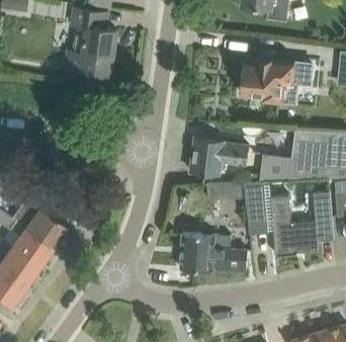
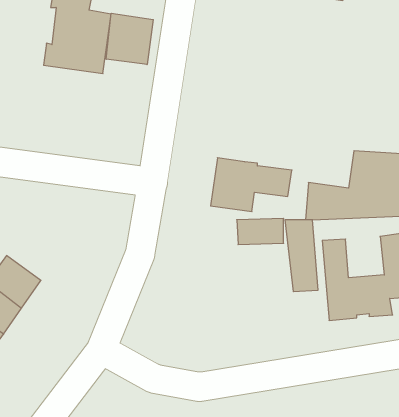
building: none -> [106,13,153,65]
building: [241,50,312,102] -> none
building: [179,234,247,272] -> none

